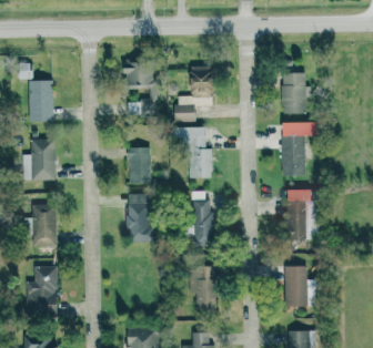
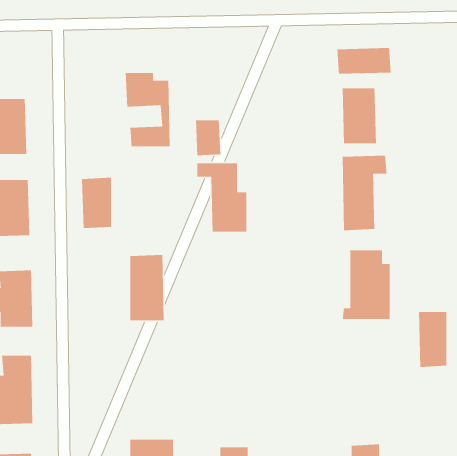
building: none -> [336,47,391,74]
building: [190,65,212,96] -> none
building: [129,146,151,184] -> [81,177,112,229]
building: [185,191,212,246] -> none
building: [190,265,218,313] -> none
building: [285,266,306,307] -> [418,311,447,368]

